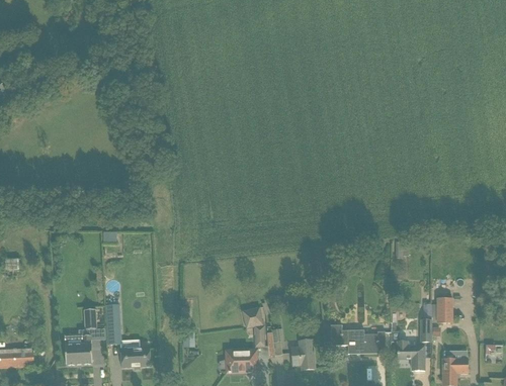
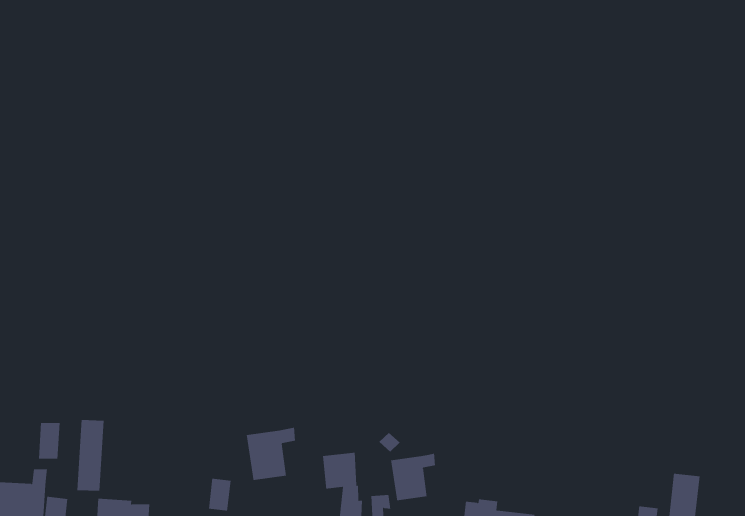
building: none -> [246,427,295,481]
building: none -> [391,453,435,501]

